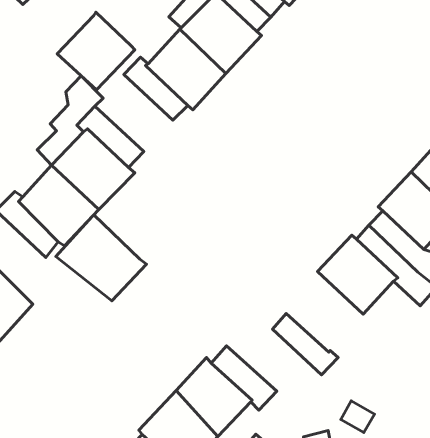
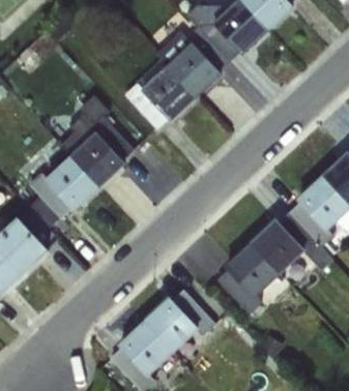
building: [57,12,135,90] -> none
building: [56,215,147,301] -> none
building: none -> [225,241,281,298]

